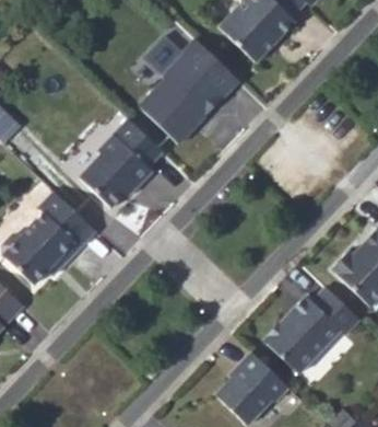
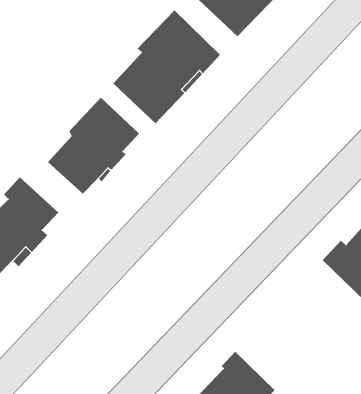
building: [267,288,359,374] -> none

